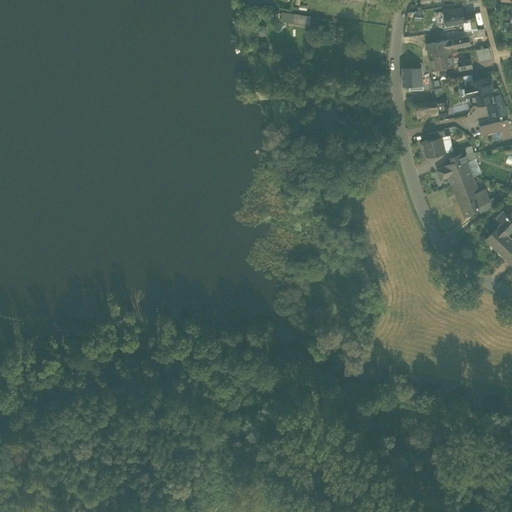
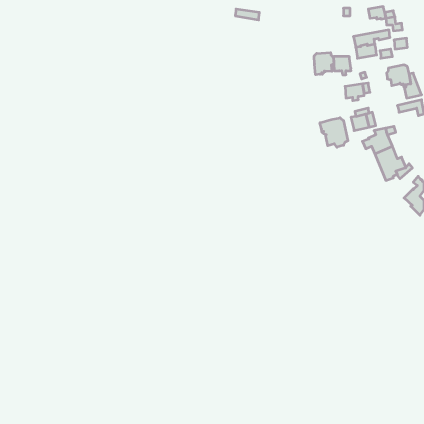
building: none -> [314,53,334,75]
building: none -> [320,118,348,147]

